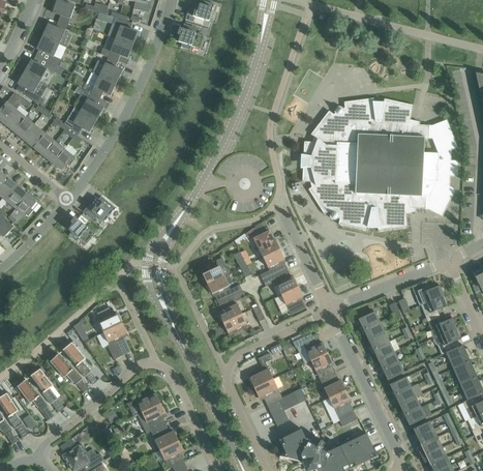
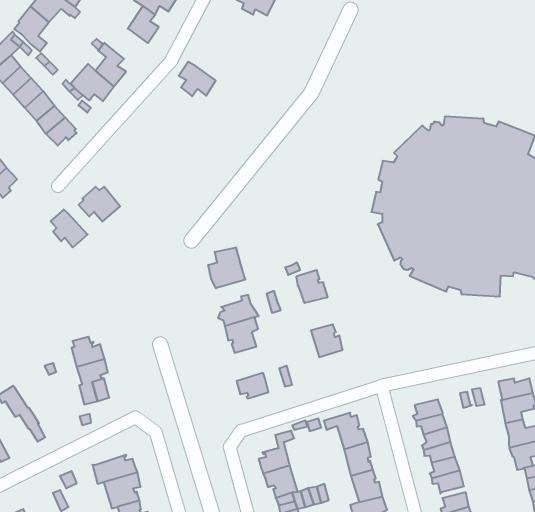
building: [88,72,116,97] -> [179,62,216,96]
building: none -> [208,247,245,288]
building: [264,248,288,275] -> none
building: [281,286,306,314] -> none
building: [218,294,242,322] -> none
building: [63,340,98,383] -> none

